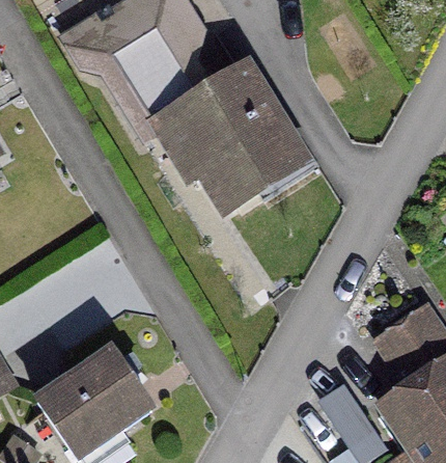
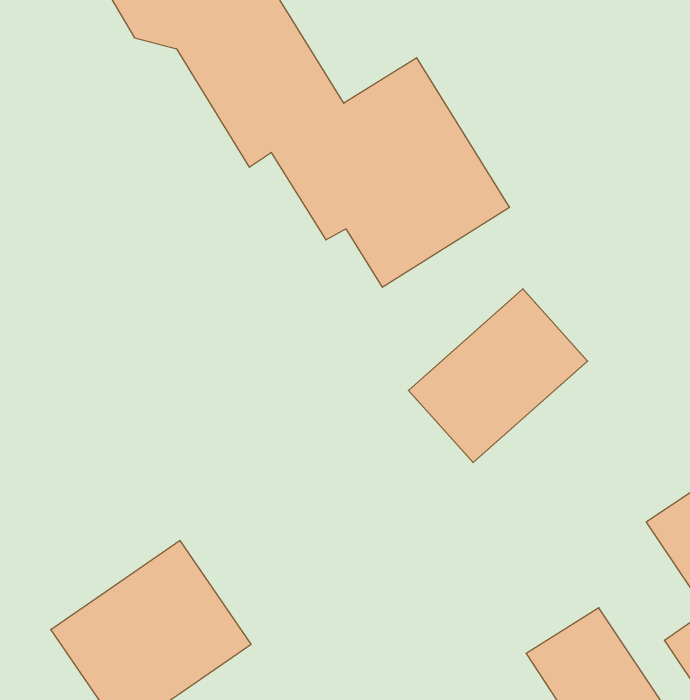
building: none -> [408,289,588,463]

